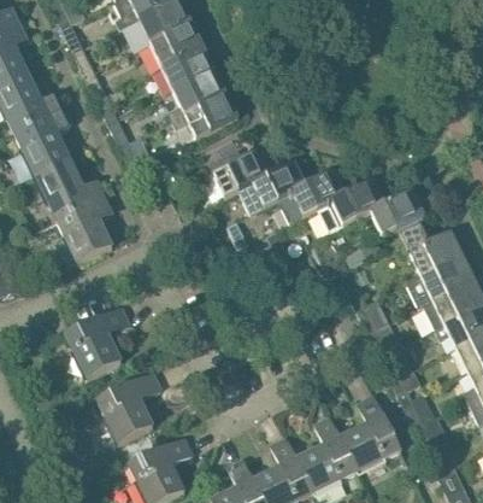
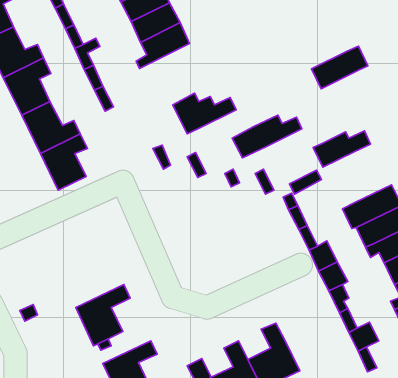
building: [171,90,241,138] -> none
building: [238,163,304,214] -> none
building: [318,183,383,233] -> [312,46,368,89]
building: [399,221,463,275] -> none
building: [65,305,129,376] -> none
building: [340,393,400,470] -> none

